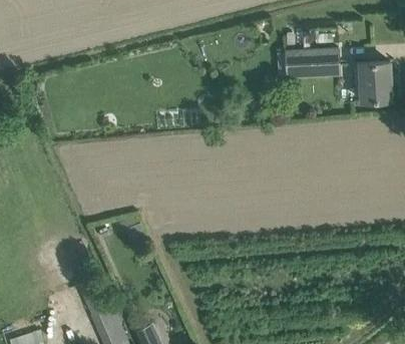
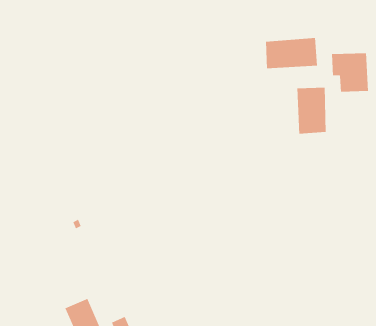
building: none -> [297,87,326,134]

